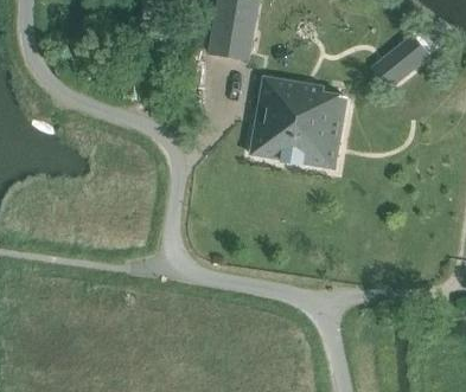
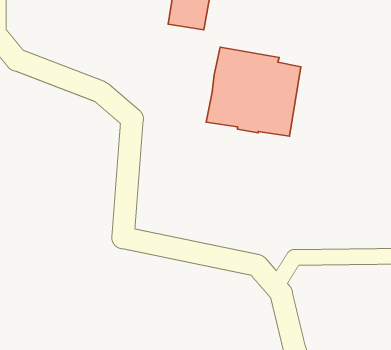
building: [375,36,427,84] -> none

